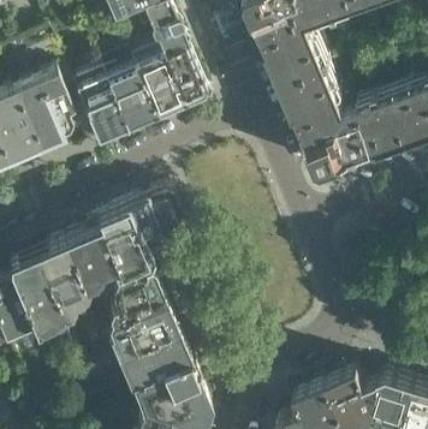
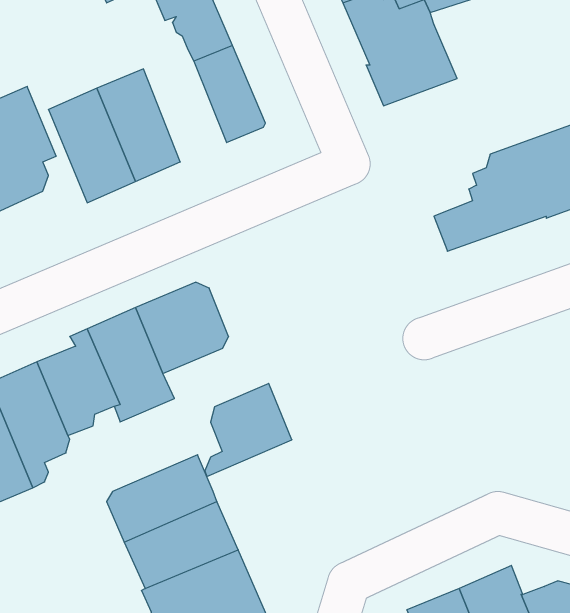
building: [131,47,183,117] -> none
building: [280,65,346,150] -> none
building: [111,263,165,321] -> [205,383,292,477]

